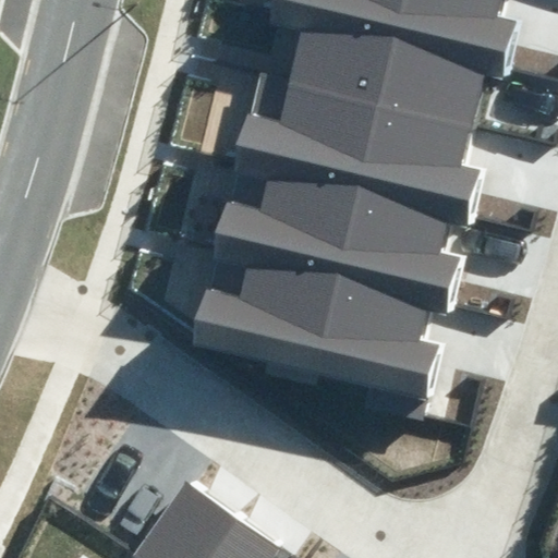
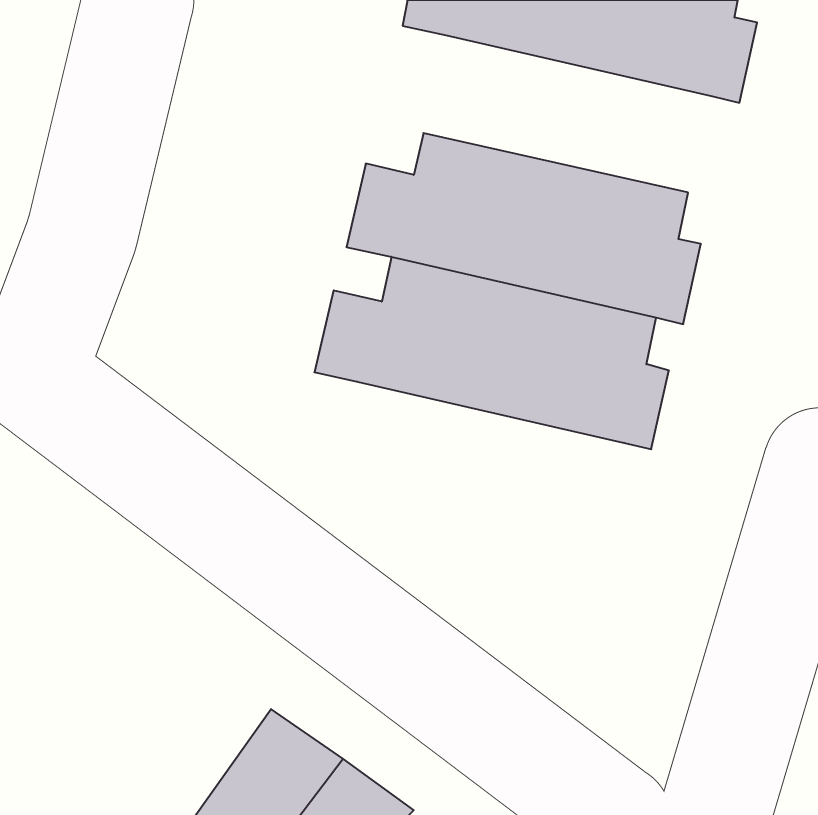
building: [289,27,485,134] -> none
building: [192,263,434,393] -> none

